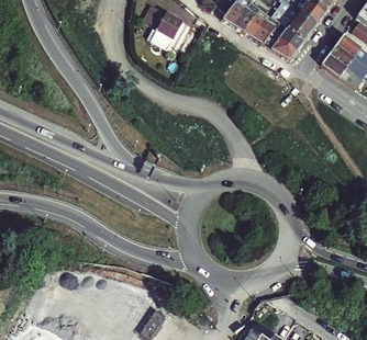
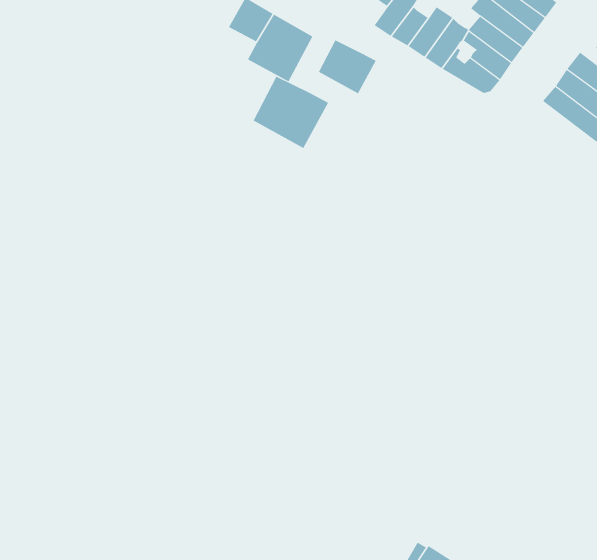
building: none -> [318,39,376,94]
building: none -> [253,76,329,149]

